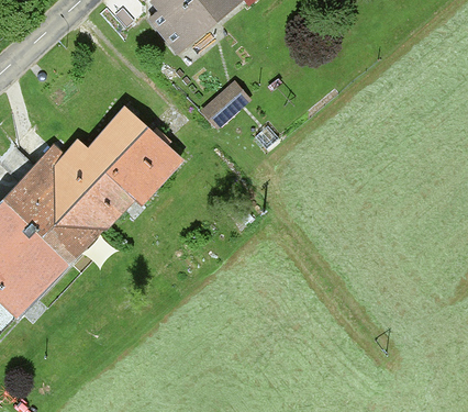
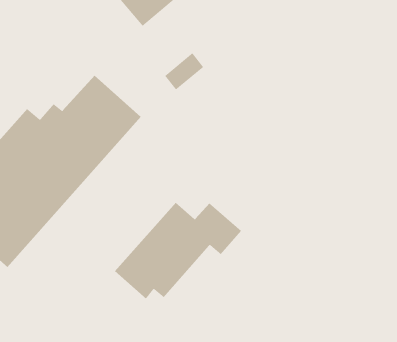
building: none -> [114,202,242,299]

